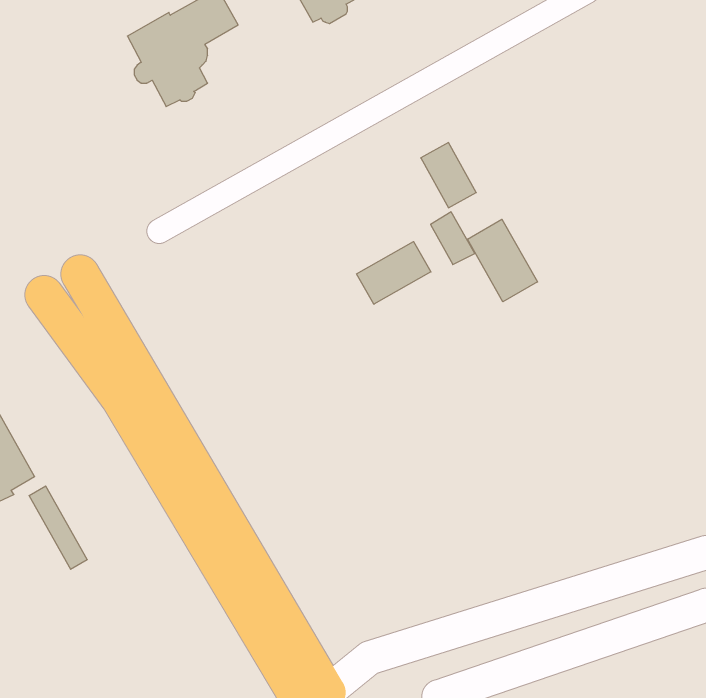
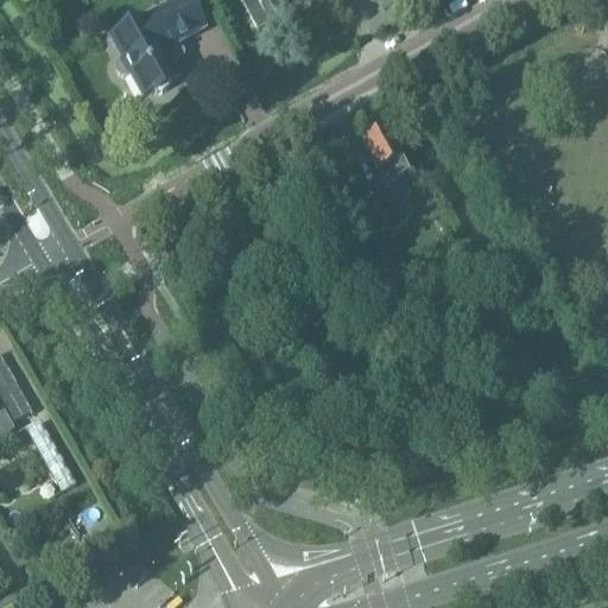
building: [467,219,538,302] -> none
building: [357,242,431,304] -> none

